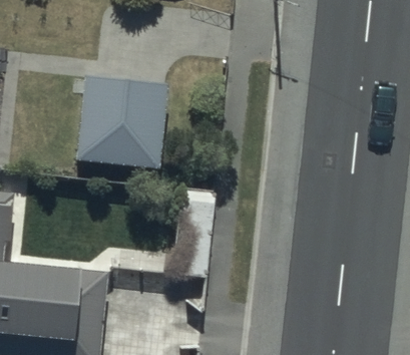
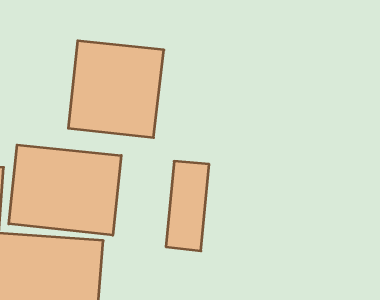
building: none -> [9,145,121,235]

